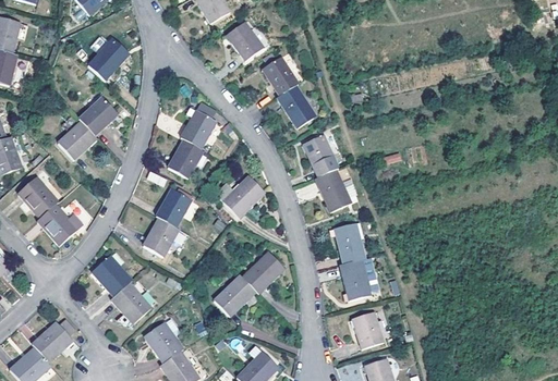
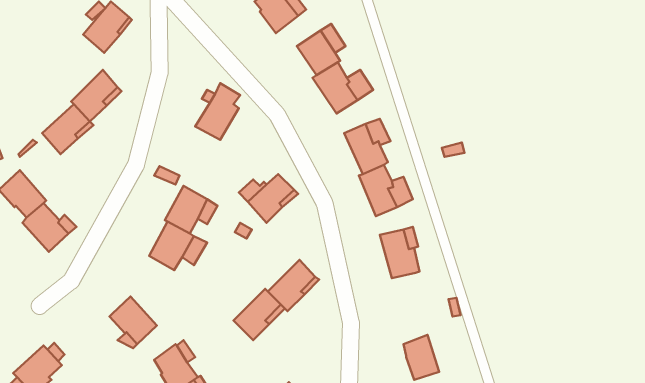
building: [168,142,205,181] -> none
building: [90,256,131,295] -> none
building: [340,261,367,302] -> none

